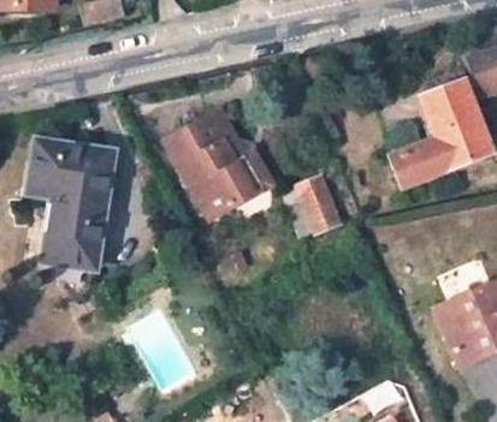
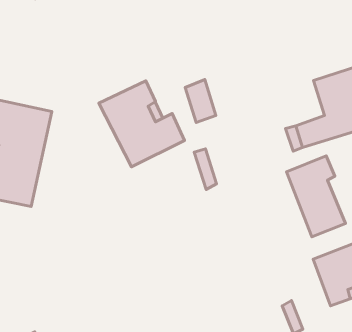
building: [300,178,338,230] -> [185,79,216,122]
building: none -> [286,156,345,237]

